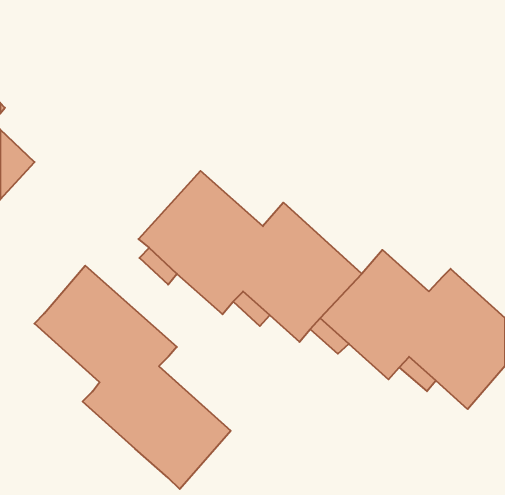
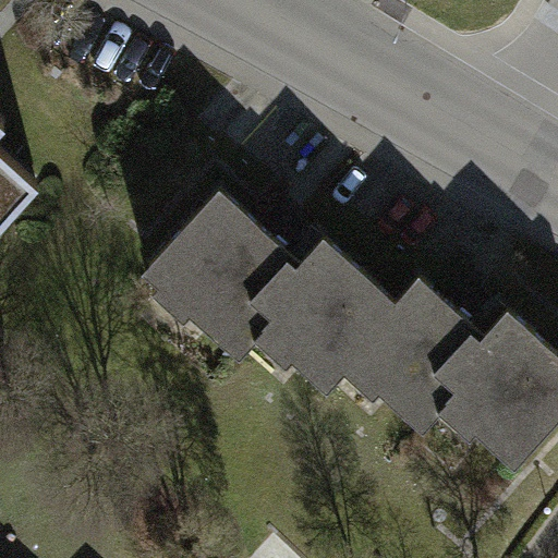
building: [34,266,231,489] -> none

